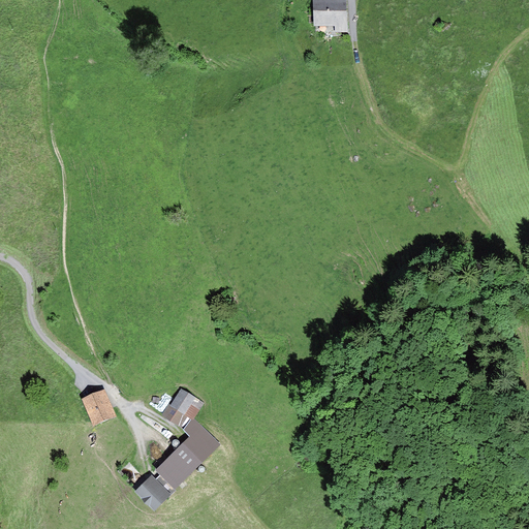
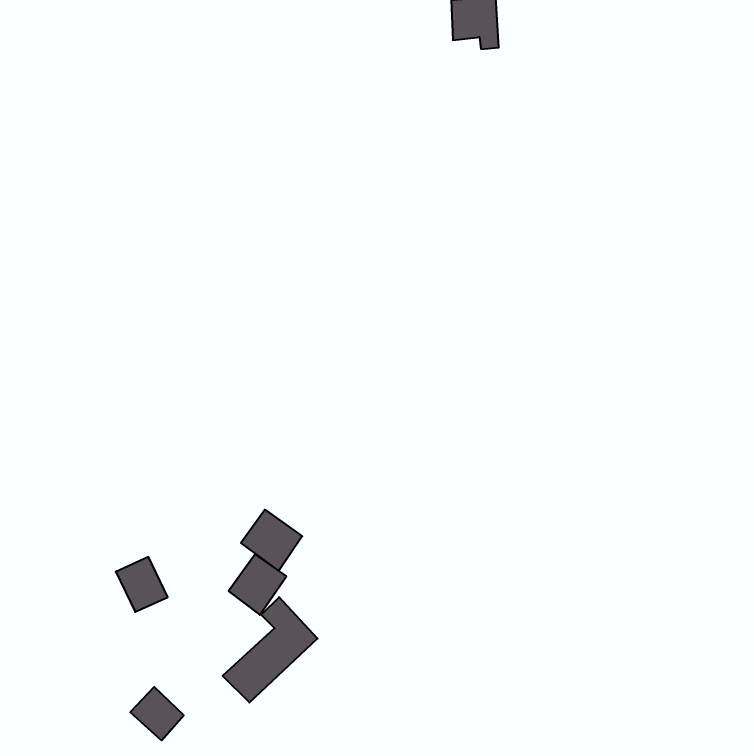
building: none -> [241,510,302,571]
building: [134,471,172,508] -> [130,687,184,740]

